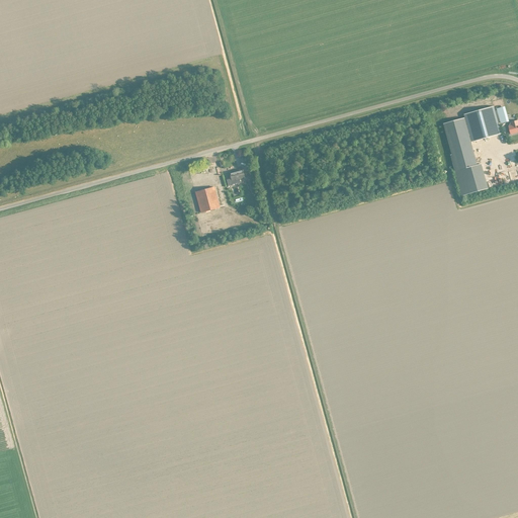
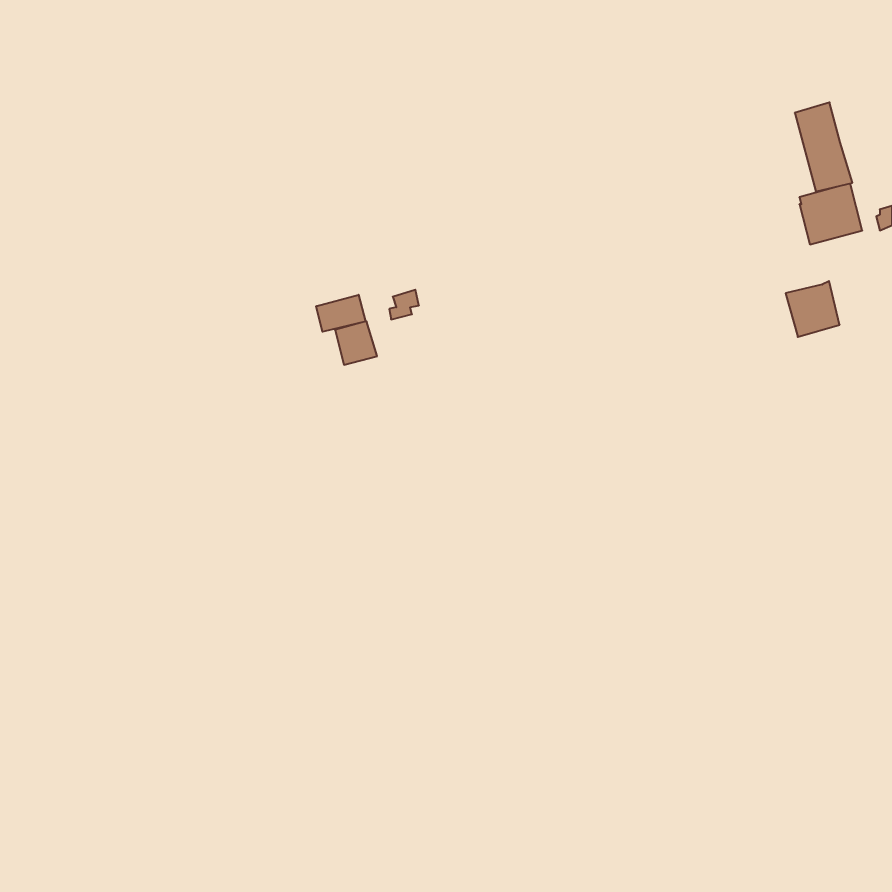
building: [443,118,477,170] -> [795,102,852,191]
building: none -> [316,295,366,332]

